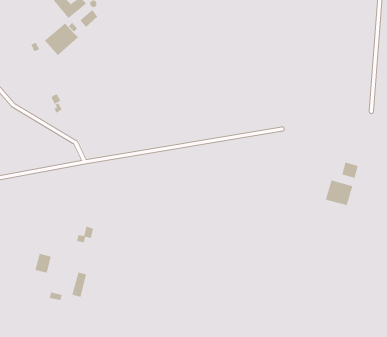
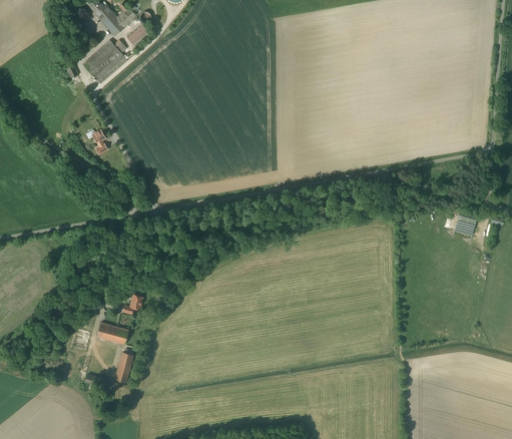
building: [325,180,353,206] -> none
building: none -> [99,324,131,346]

